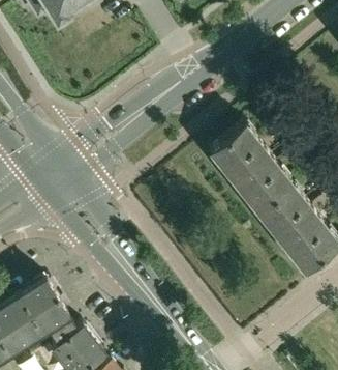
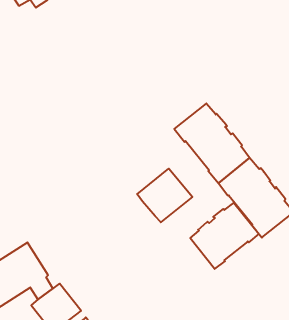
building: none -> [137,169,192,222]
building: none -> [190,203,259,269]

